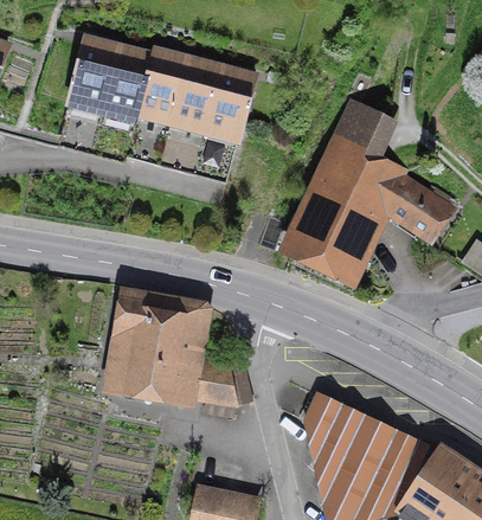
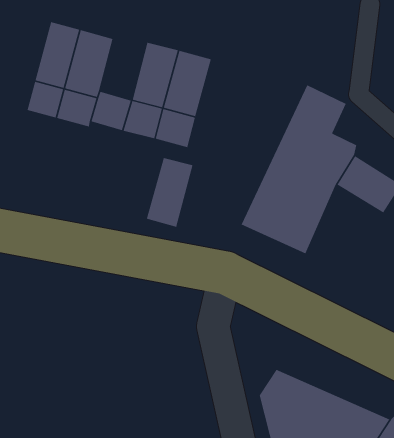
building: [137,47,186,117] -> none
building: none -> [146,157,194,228]
building: [108,290,239,418] -> none

